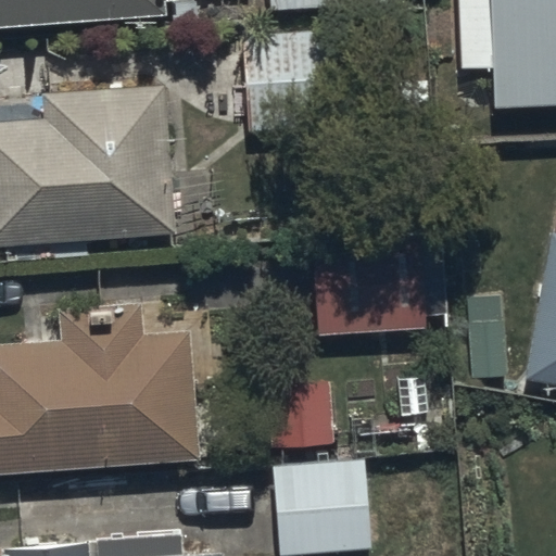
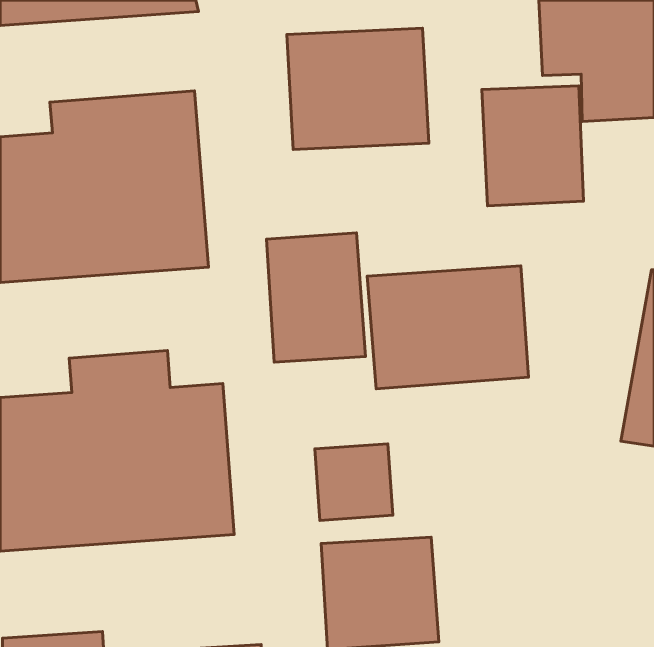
building: none -> [482,86,583,206]
building: none -> [266,233,365,362]

